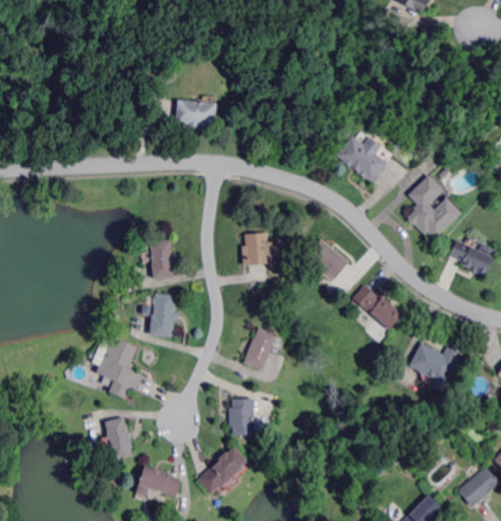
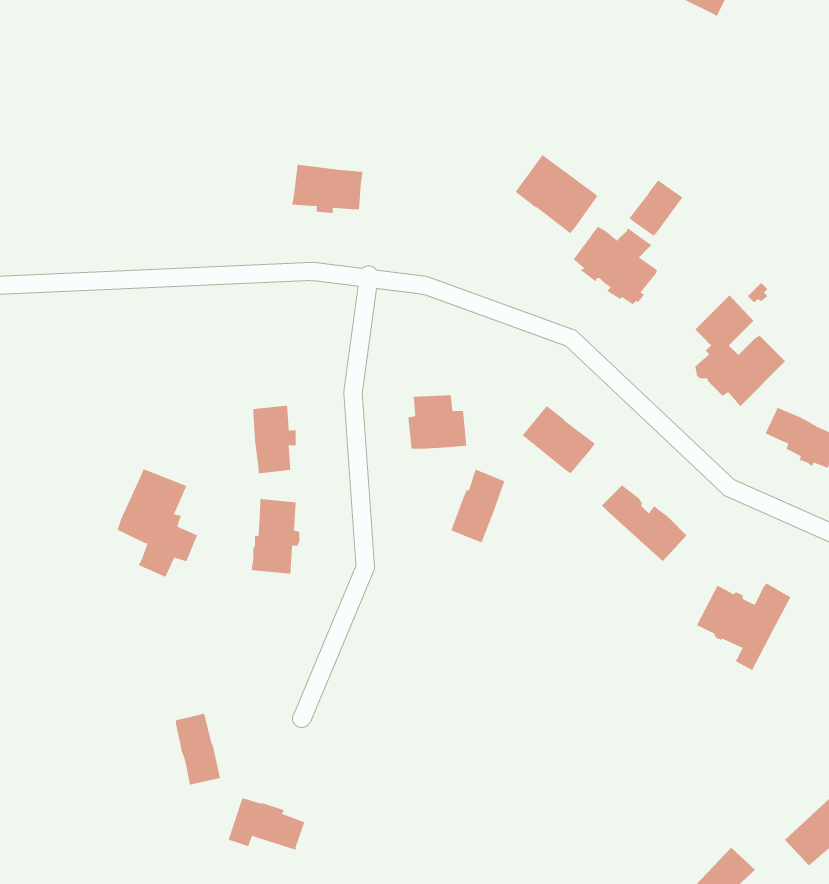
building: none -> [515,154,598,234]
building: none -> [629,179,683,236]
building: [244,327,276,369] -> [450,469,505,543]
building: [96,336,143,399] -> [117,468,198,577]
building: [229,399,254,435] -> none
building: [199,446,247,493] -> none

